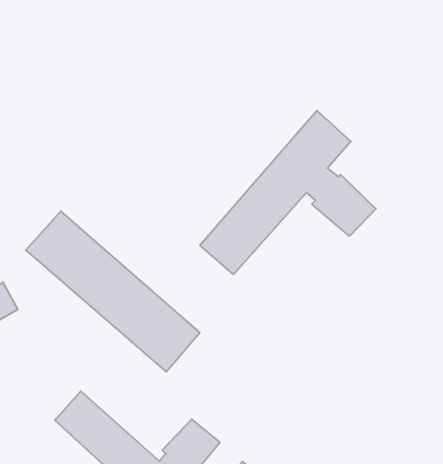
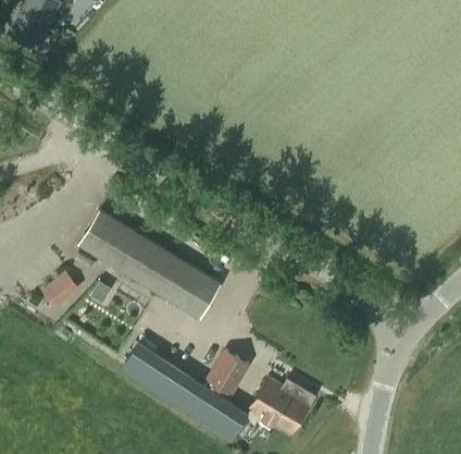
building: [200,111,376,274] -> none

